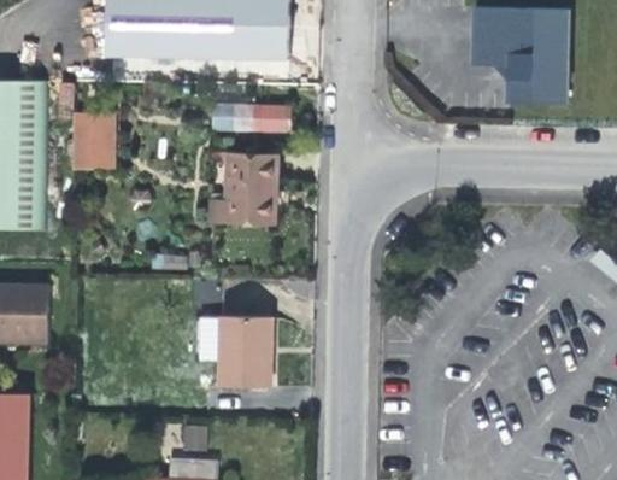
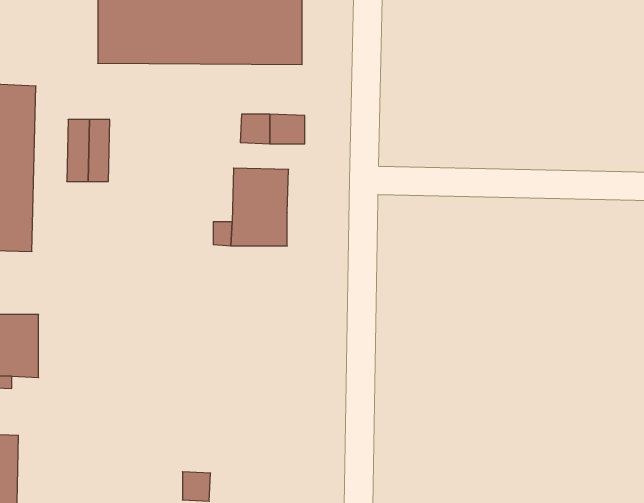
building: [472,7,569,103] -> none
building: [218,316,272,388] -> none

